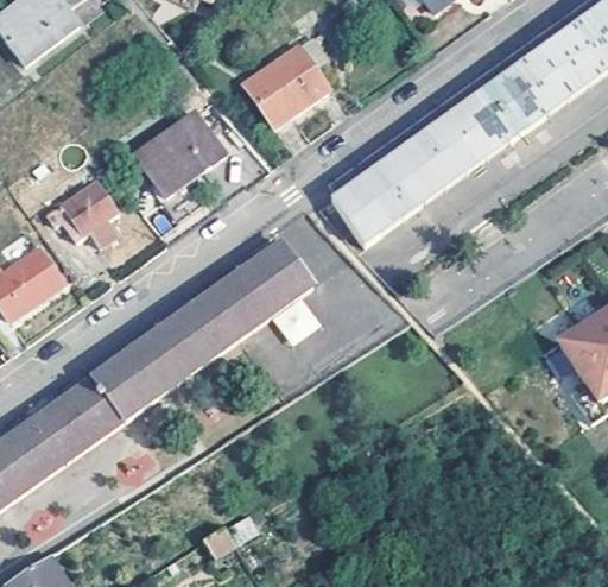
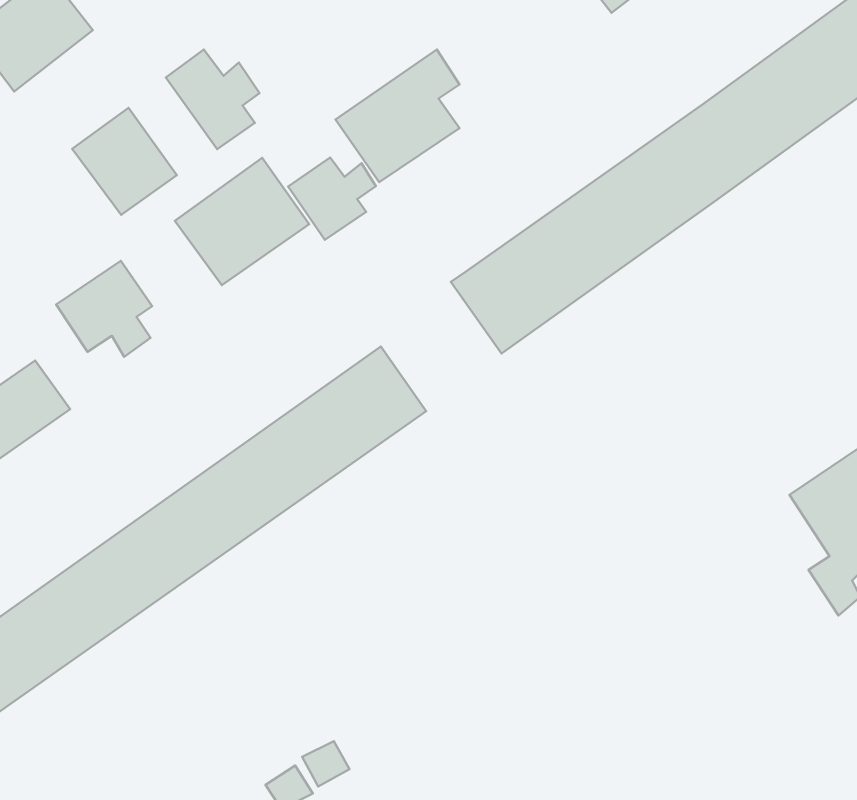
building: none -> [166,50,259,149]
building: none -> [72,108,177,215]
building: none -> [288,157,376,240]

